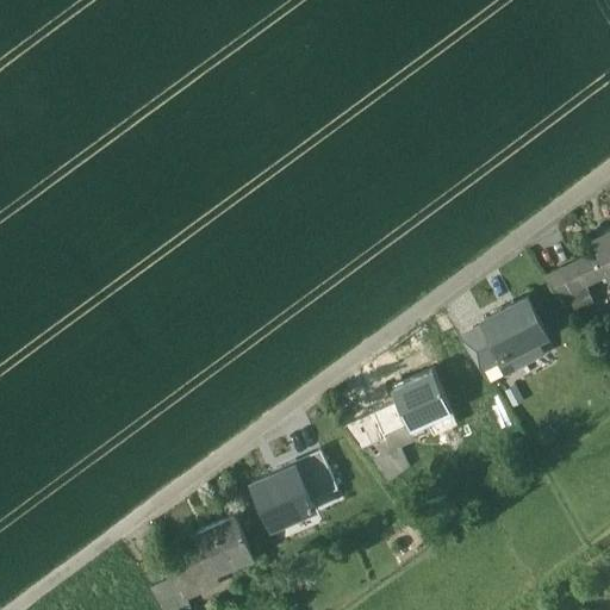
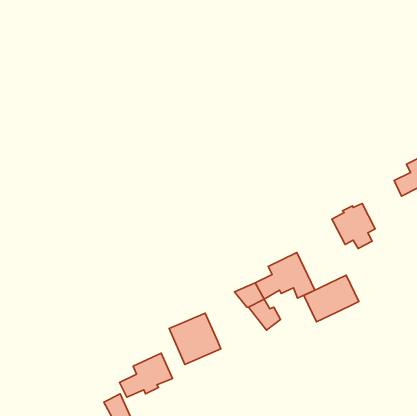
building: [546,266,593,313] -> none
building: [462,326,504,371] -> none
building: none -> [304,275,359,322]
building: [300,449,338,499] -> none

